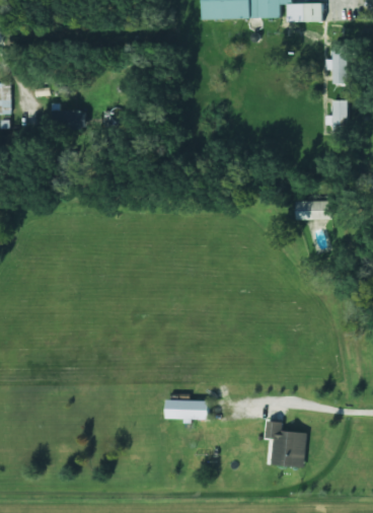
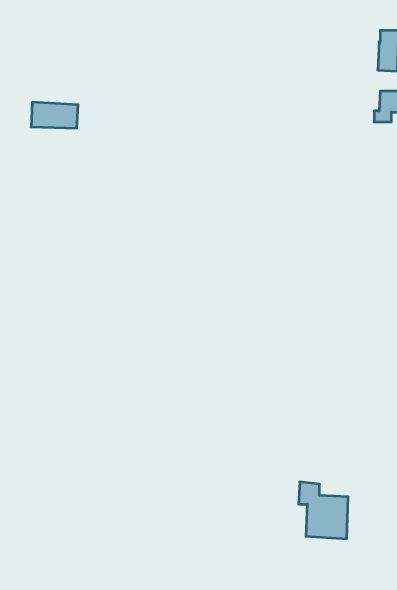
building: [294,201,330,220] -> none
building: [164,399,207,420] -> none

